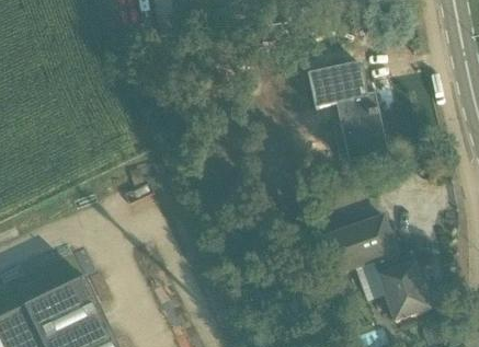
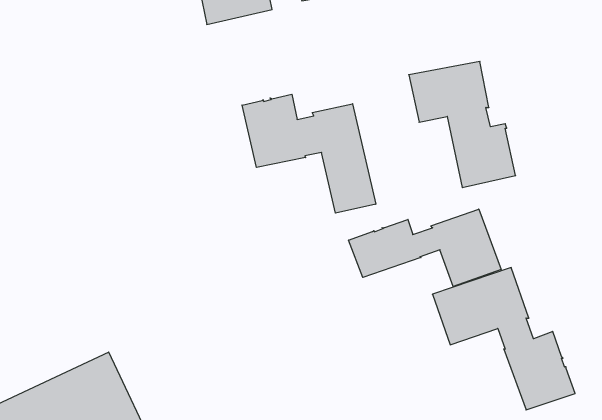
building: none -> [242,94,376,213]
building: none -> [349,209,501,286]

